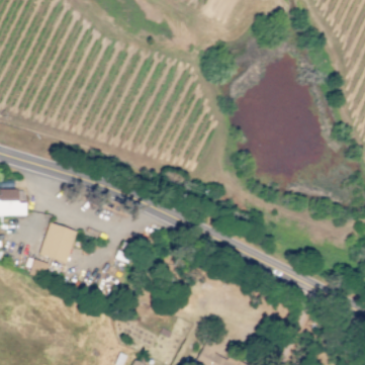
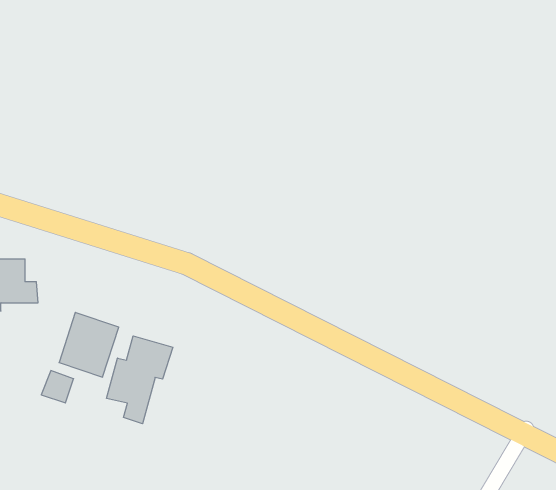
building: none -> [107,336,173,424]

